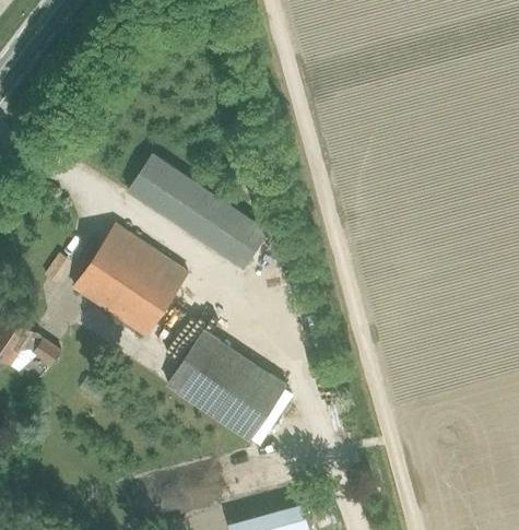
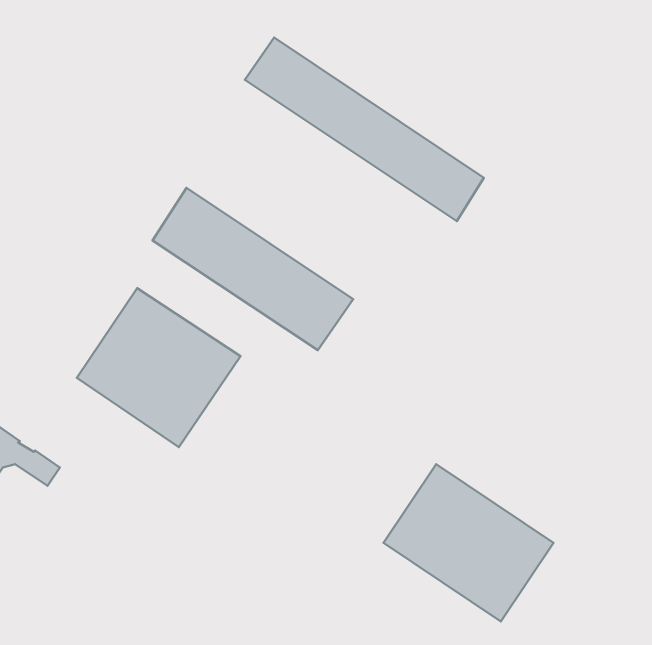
building: none -> [245,38,484,221]
building: [167,330,287,441] -> [384,464,553,622]

